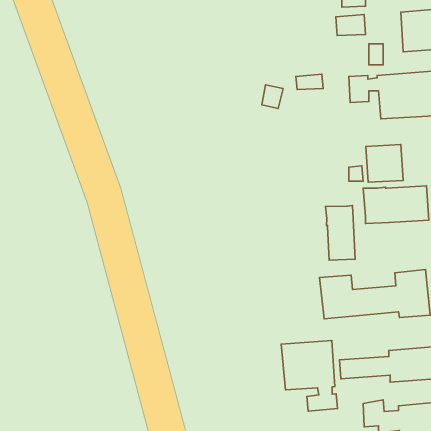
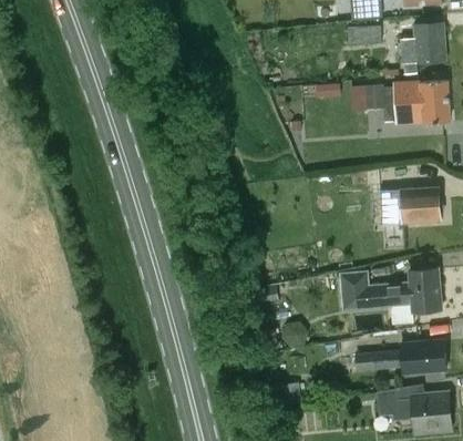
building: [366,145,403,182] -> none
building: [326,206,355,260] -> none
building: [281,340,337,411] -> none

